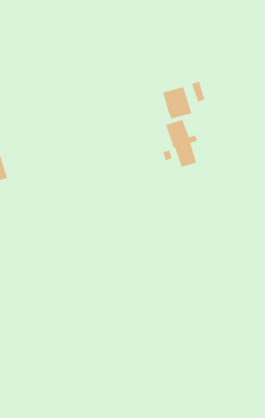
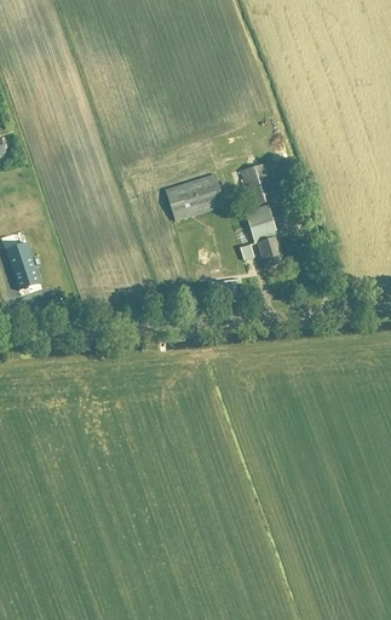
building: none -> [165,174,223,220]

